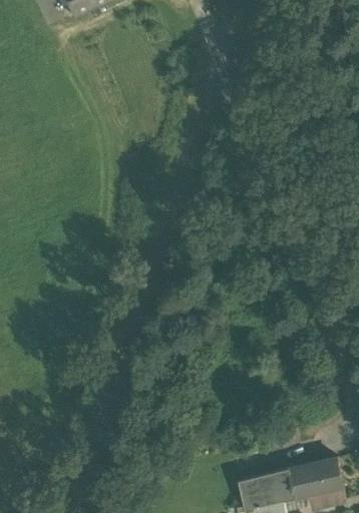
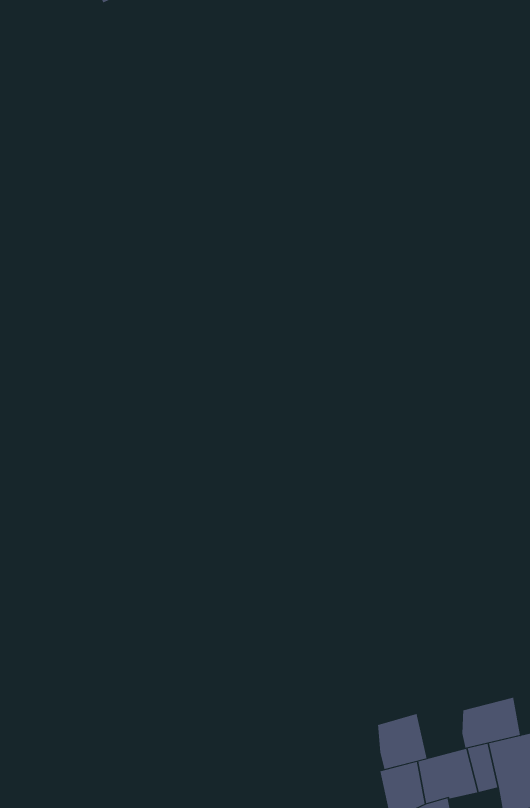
building: none -> [462,697,520,748]
building: none -> [378,713,427,770]

